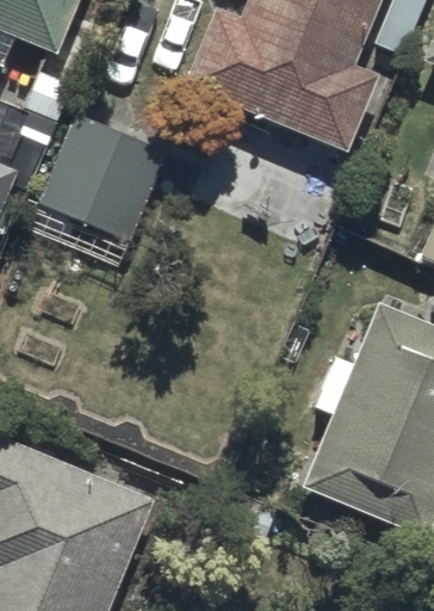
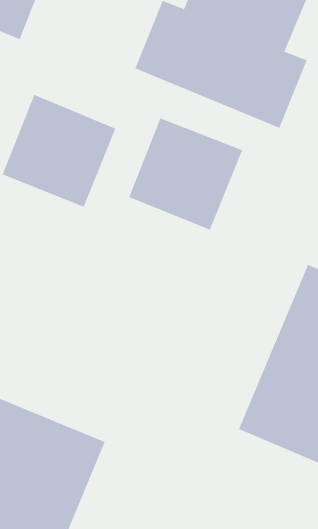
building: none -> [128,118,243,230]

